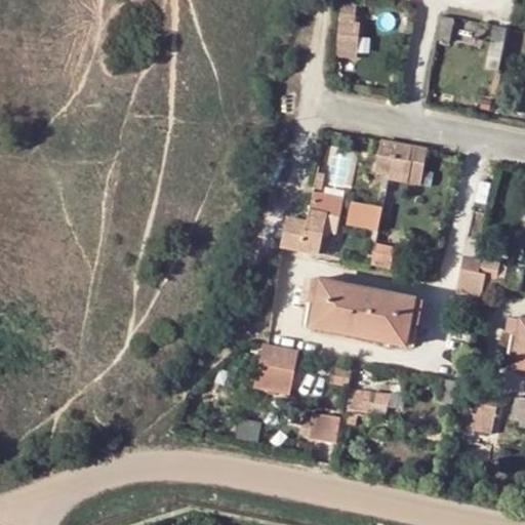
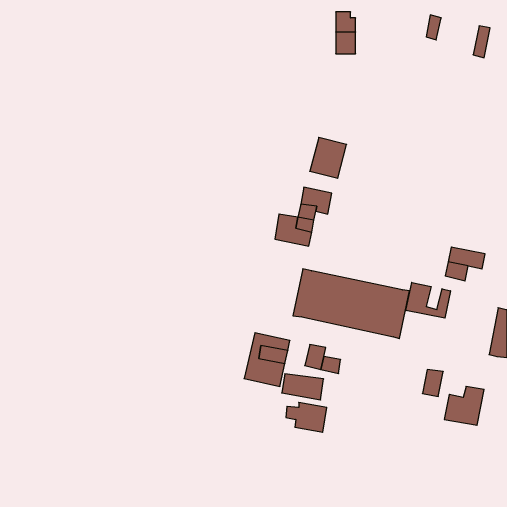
building: [377,138,411,177] -> none
building: [349,198,386,230] -> none
building: none -> [406,282,450,318]
building: [342,390,386,416] -> [282,374,324,400]

